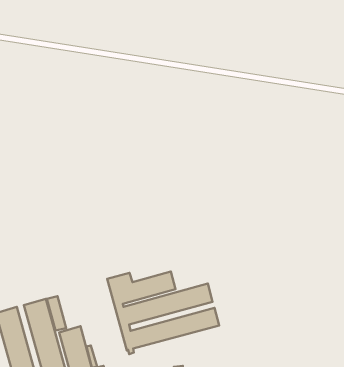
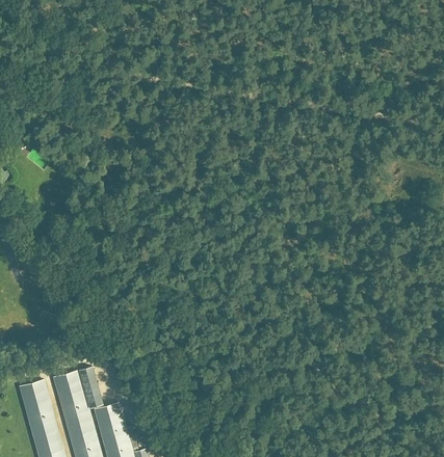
building: [107,271,219,354] -> none

